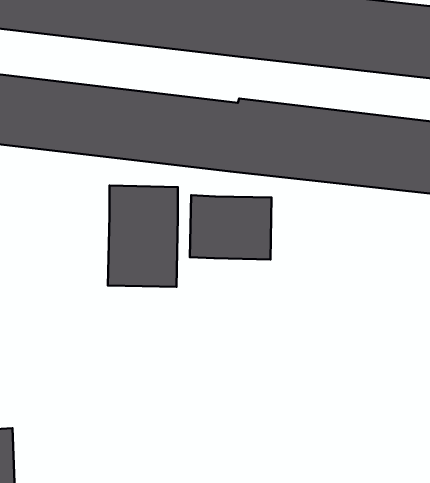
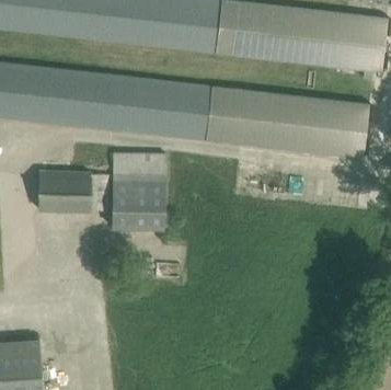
building: [190,195,272,259] -> none
building: none -> [38,173,108,213]

